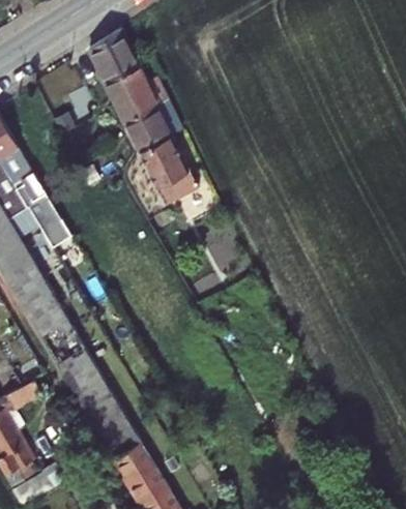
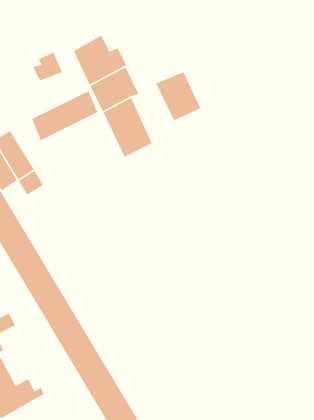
building: [89,30,138,83] -> none
building: none -> [155,71,201,121]
building: none -> [31,90,99,141]

